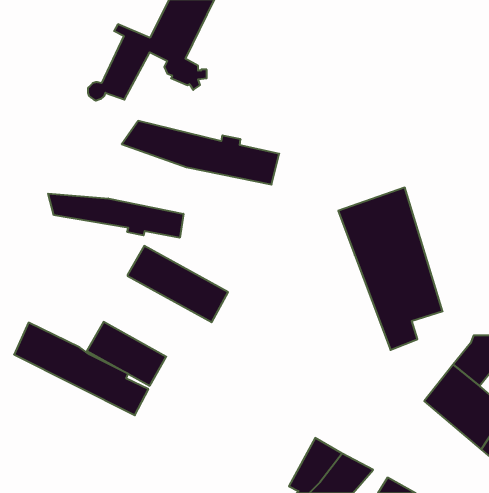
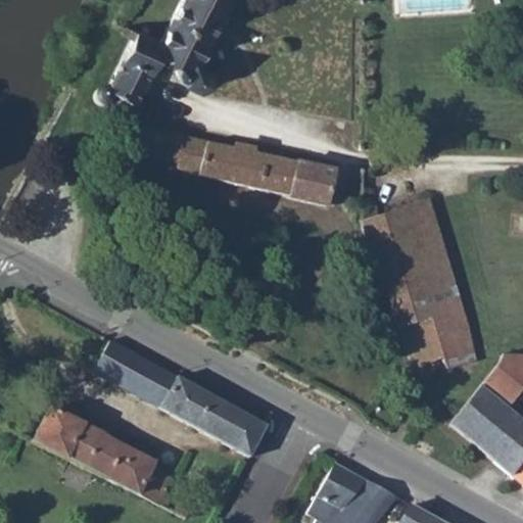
building: none -> [292,162,337,206]
building: [48,194,183,238] -> none
building: [128,246,228,322] -> [163,377,270,458]
building: [14,323,148,415] -> [37,409,179,507]

